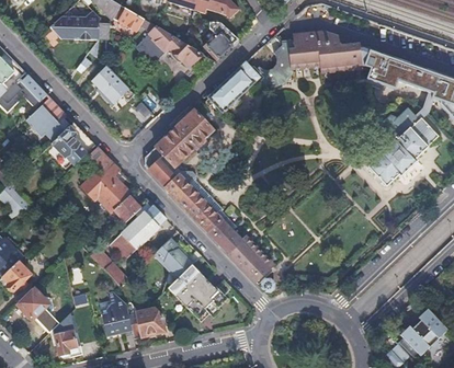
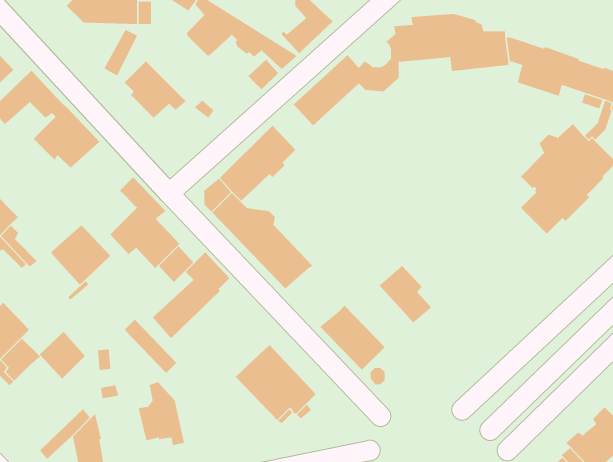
building: [52,123,94,165] -> [50,225,111,286]
building: [203,211,240,252] -> [379,265,432,323]
building: [154,238,202,285] -> none
building: [16,285,49,319] -> [39,331,86,379]
building: [128,307,166,337] -> none

